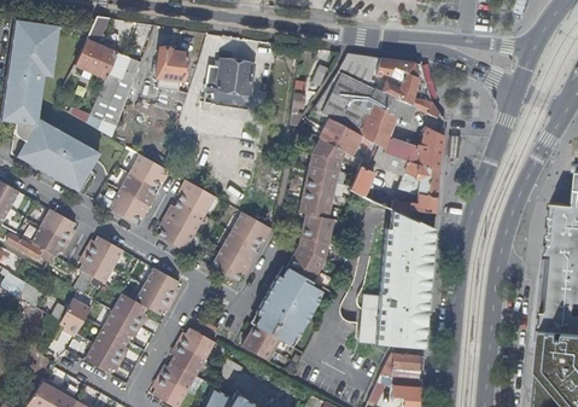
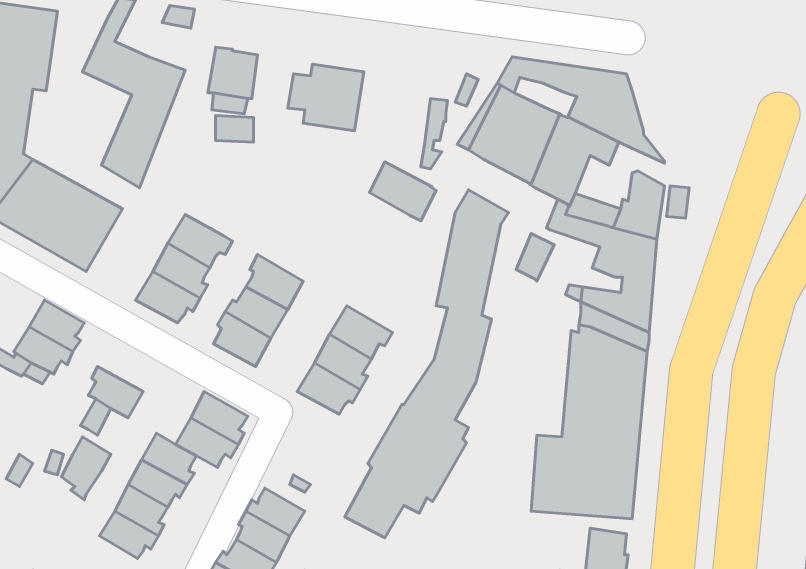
building: [320,120,362,157] -> [369,162,436,221]
building: [84,236,123,267] -> none

